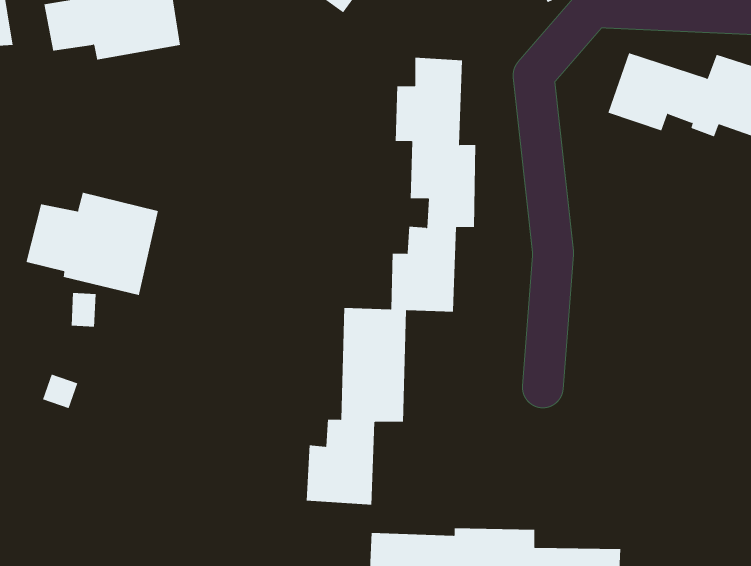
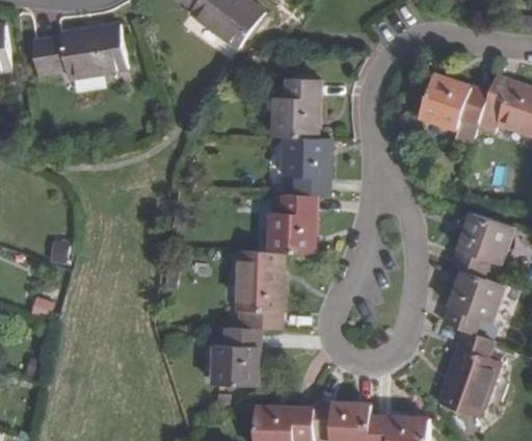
building: [26,192,158,296] -> none
building: none -> [438,212,513,416]

